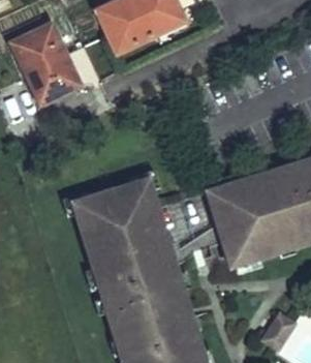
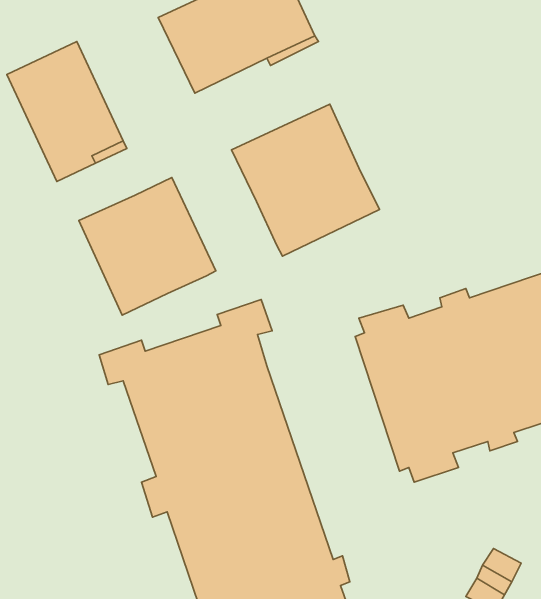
building: none -> [231,104,379,256]
building: none -> [79,177,216,315]

